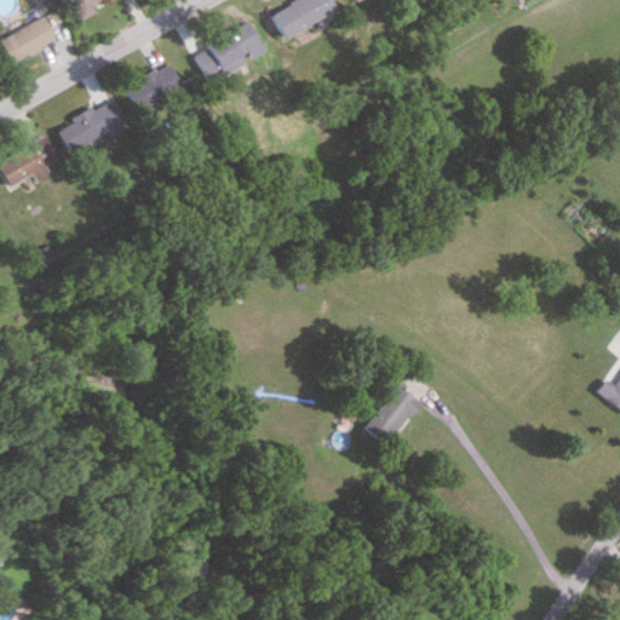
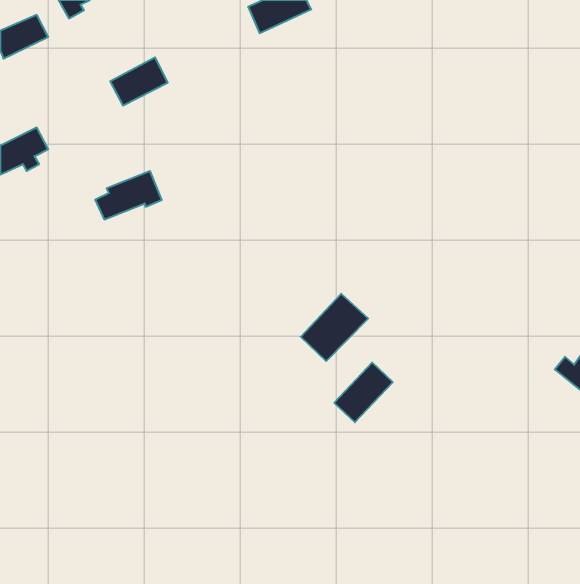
building: [194,24,266,78] -> none
building: [57,101,127,151] -> [95,171,162,219]
building: none -> [301,294,368,361]

